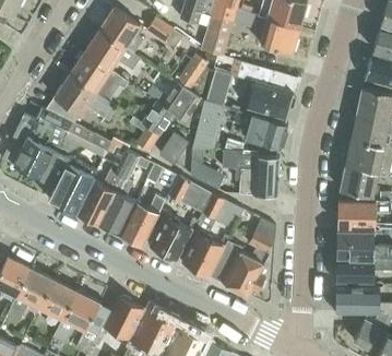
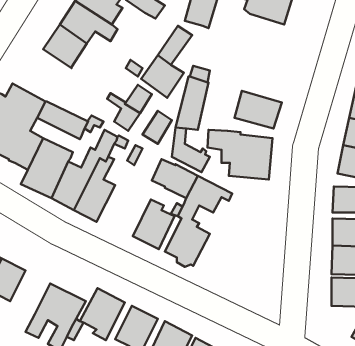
building: [213,55,299,120] -> none
building: [41,76,116,124] -> none
building: [119,194,165,248] -> none
building: [209,219,275,296] -> none
building: [39,281,76,321] -> none

